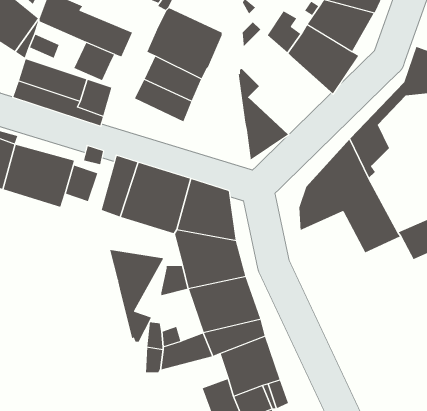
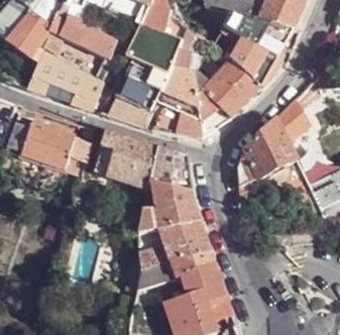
building: none -> [203,59,264,115]
building: none -> [161,66,200,106]
building: none -> [108,89,155,126]
building: none -> [152,98,204,136]
building: [109,249,164,342] -> none

